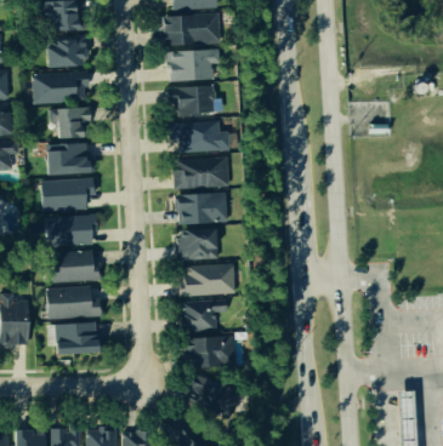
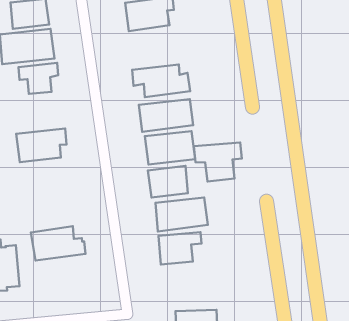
building: [169,85,217,115] -> none
building: [46,143,90,175] -> none
building: none -> [194,142,242,181]
building: [47,211,98,244] -> none
building: [51,250,98,282] -> none
building: [56,322,98,355] -> none
building: [187,337,235,367] -> none

